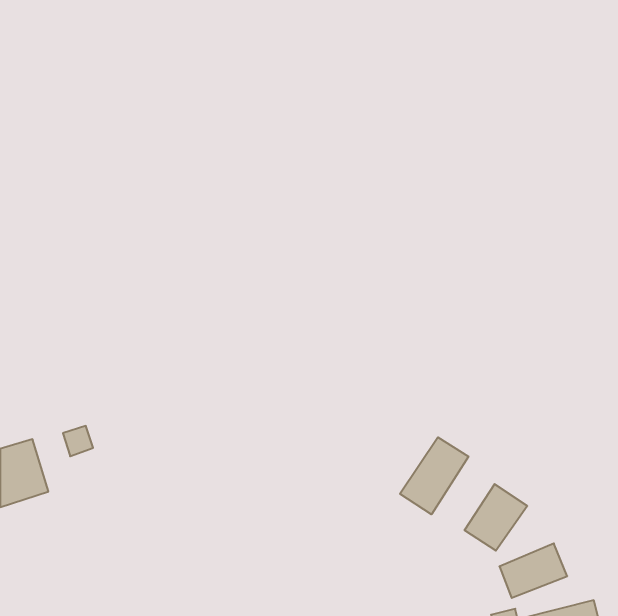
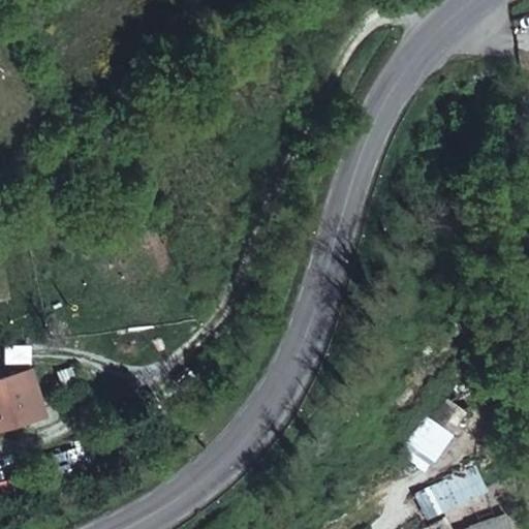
building: [400,437,468,514] -> none

